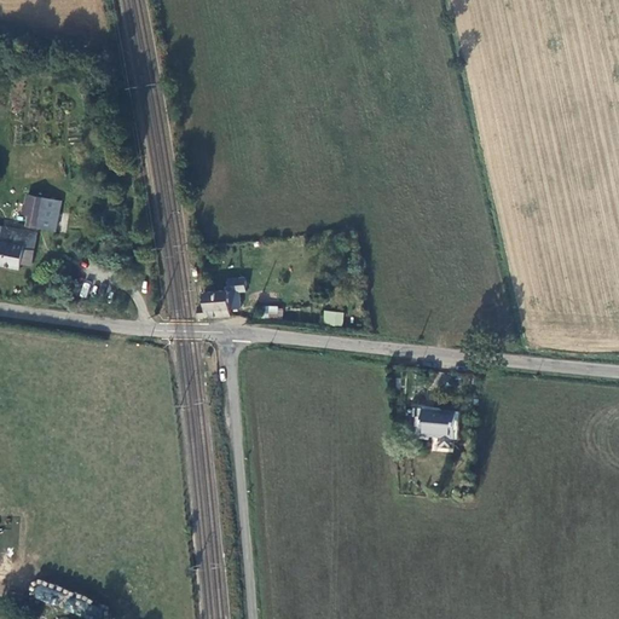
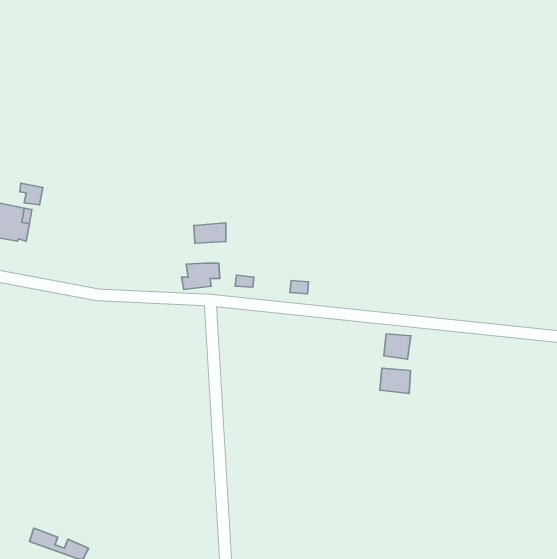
building: none -> [194,223,226,243]
building: none -> [384,334,411,359]

